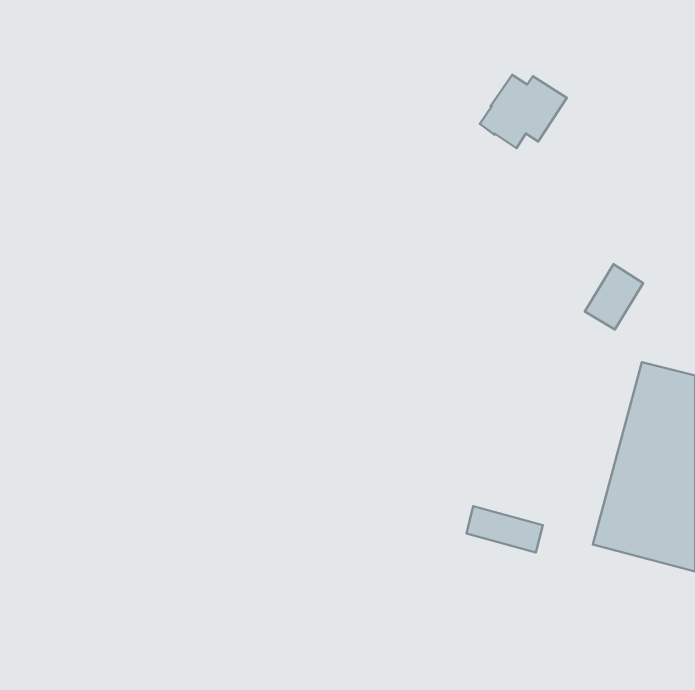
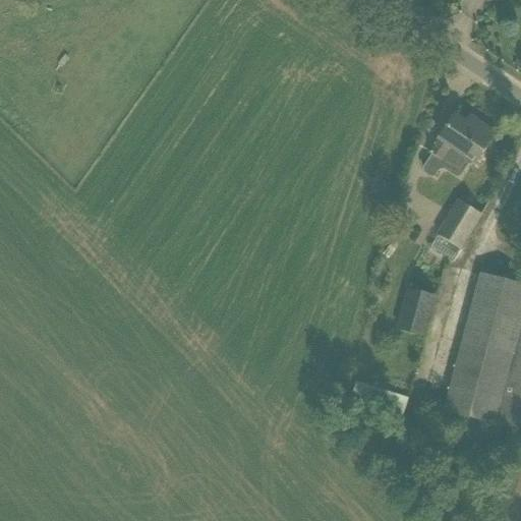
building: [480,75,567,148] -> [430,113,496,168]
building: none -> [396,298,431,334]

